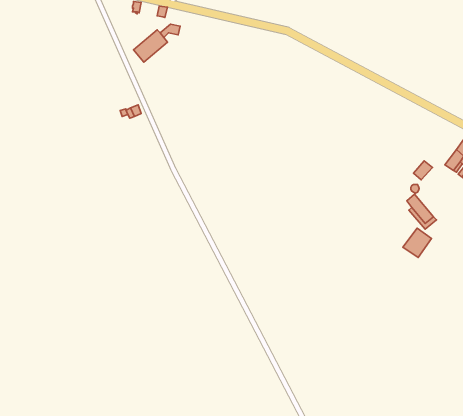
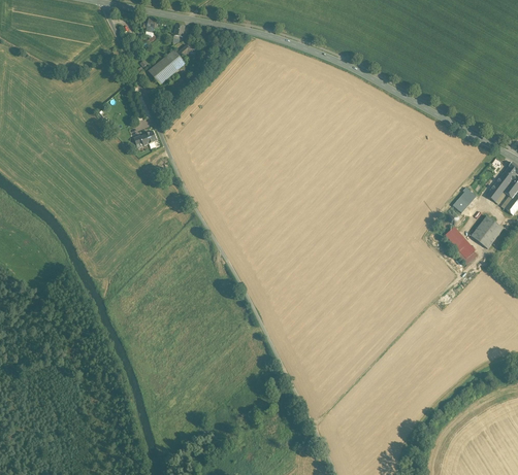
building: [403,228,431,258] -> [472,215,503,247]

